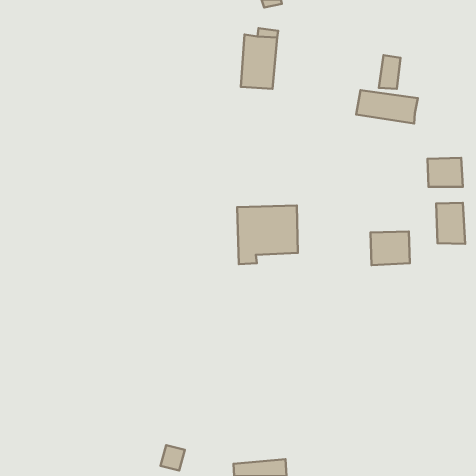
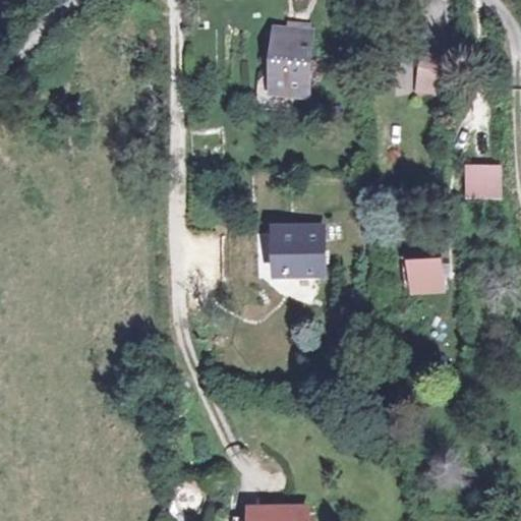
building: [356,90,418,123] -> none
building: [436,203,465,244] -> none

